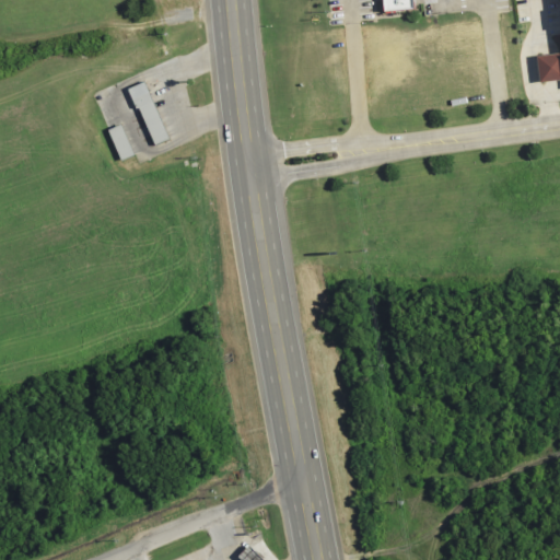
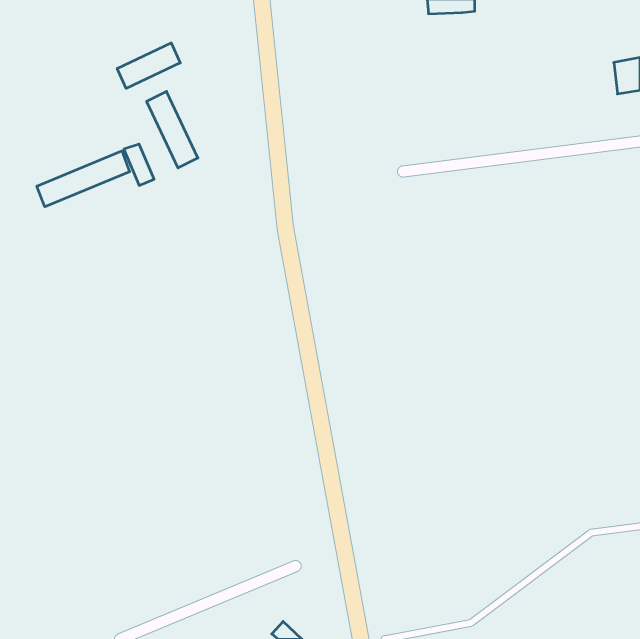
building: none -> [117,43,180,88]
building: none -> [37,151,130,207]

